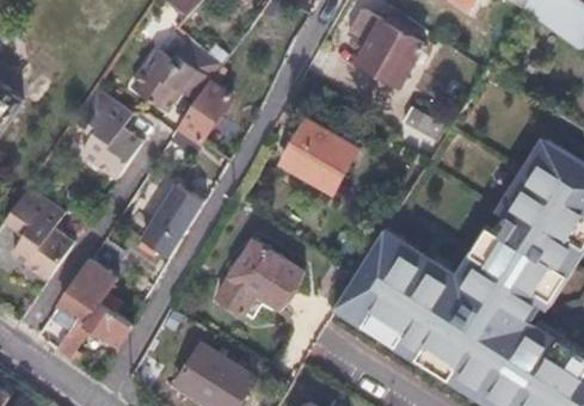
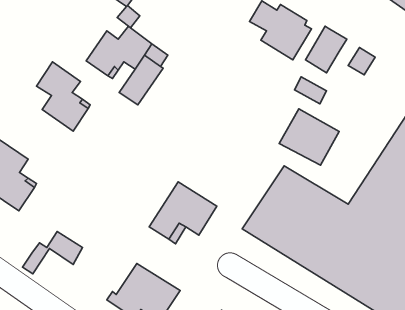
building: none -> [305,26,347,73]
building: [278,121,355,192] -> [279,109,339,165]
building: [141,184,204,257] -> none
building: [56,260,113,332] -> none

